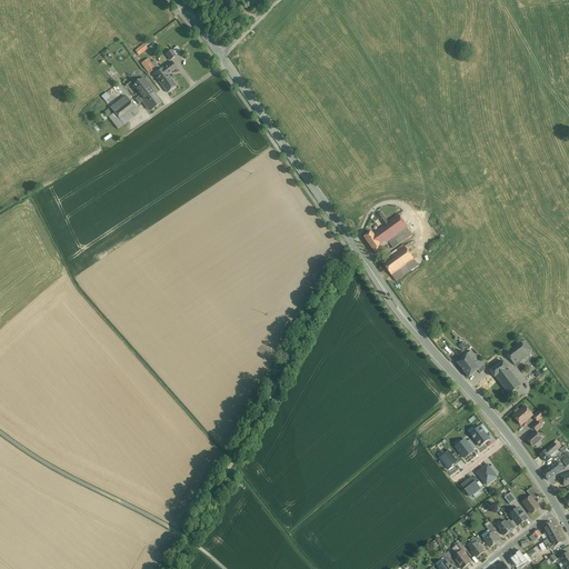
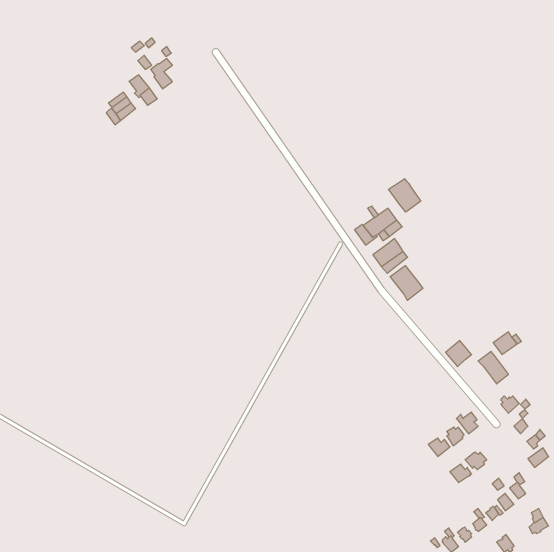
building: none -> [388,179,421,212]
building: none -> [390,266,423,300]

